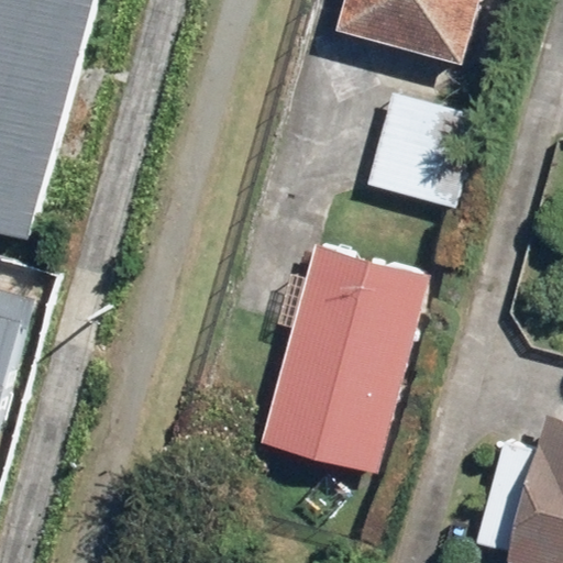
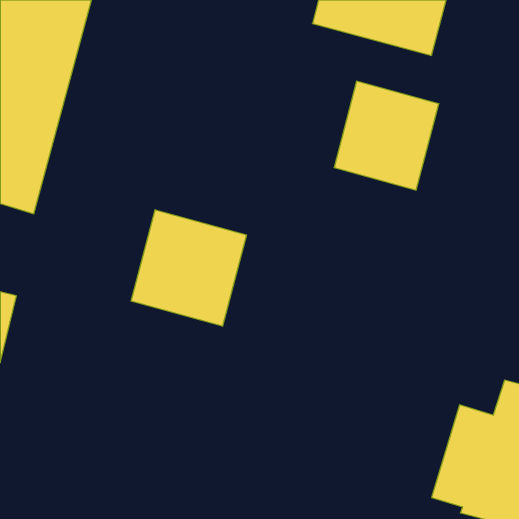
building: none -> [131,210,246,326]
building: [260,242,428,468] -> none

